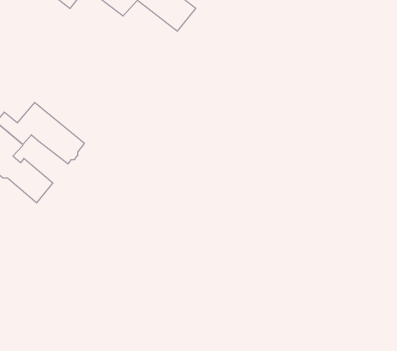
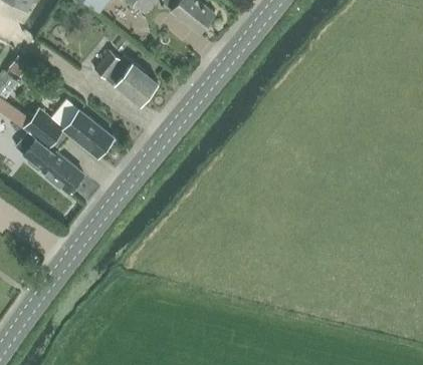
building: none -> [95,53,159,106]

